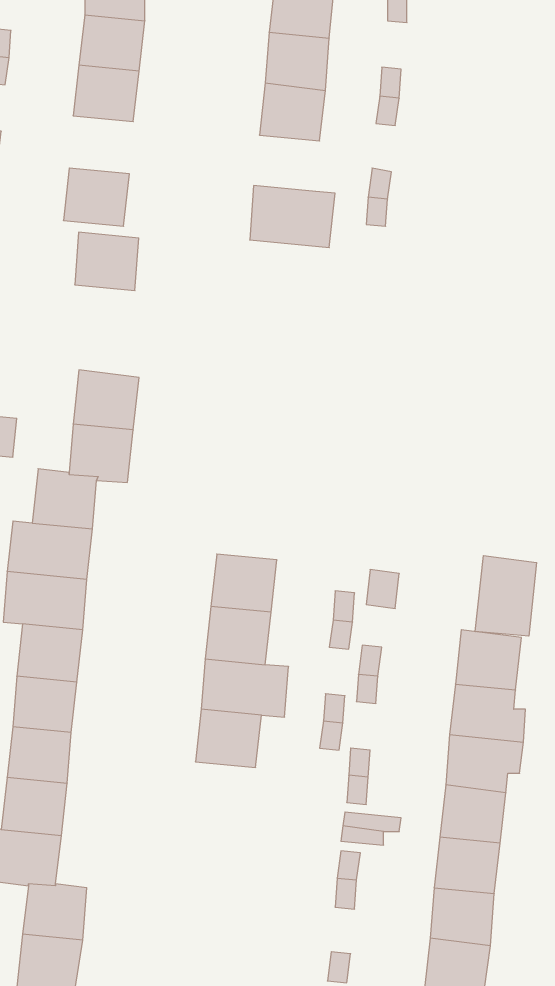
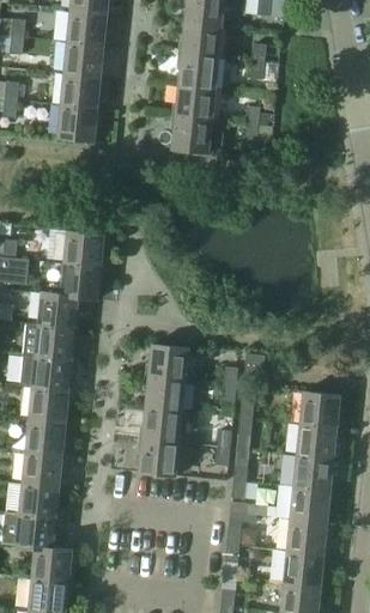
building: none -> [174,85,214,120]
building: [75,232,139,291] -> [60,73,99,109]
building: [475,556,537,636] -> none

